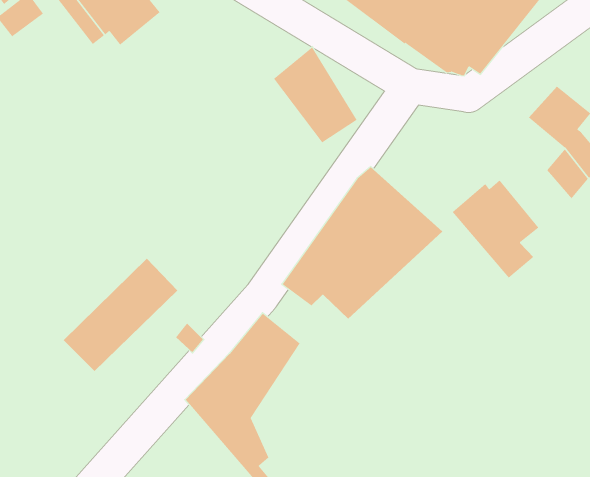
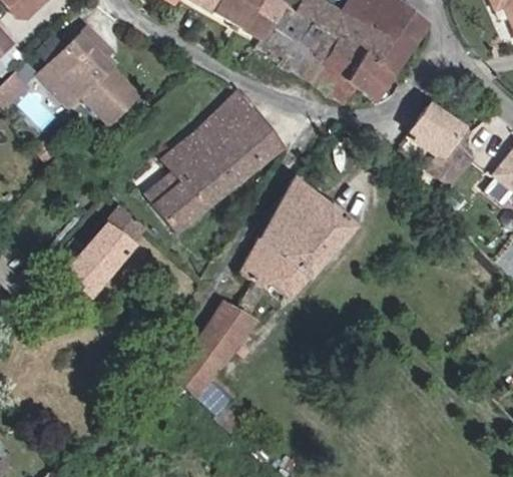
building: none -> [97,73,144,120]
building: none -> [141,117,258,227]
building: [452,180,539,279] -> none
building: [63,258,178,372] -> [59,205,144,296]

